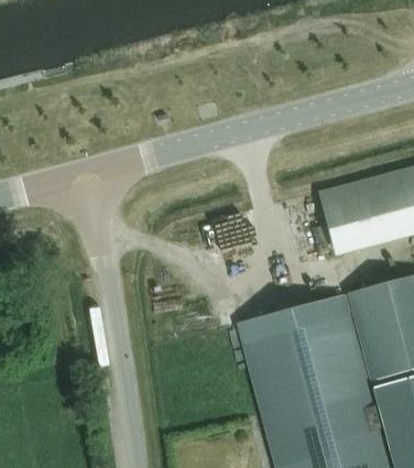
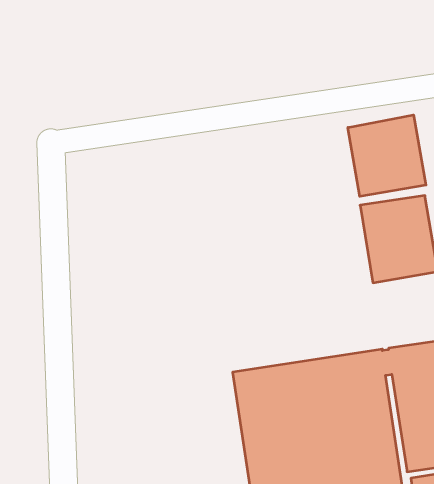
building: none -> [348,115,426,196]

